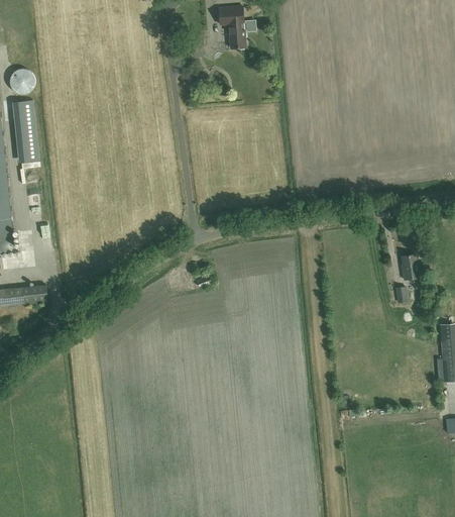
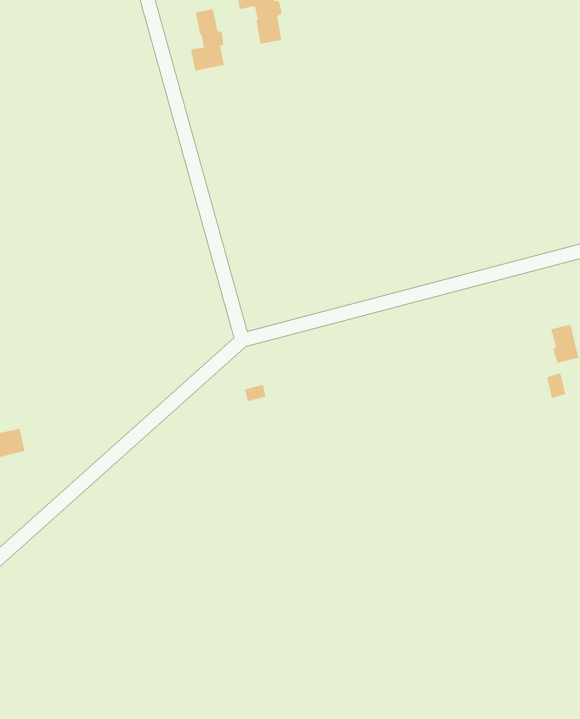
building: none -> [190,8,225,71]

